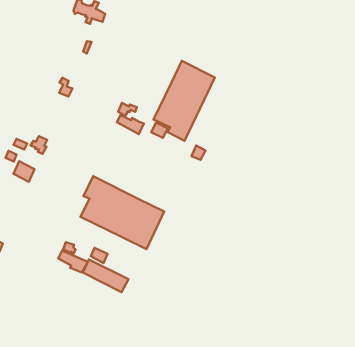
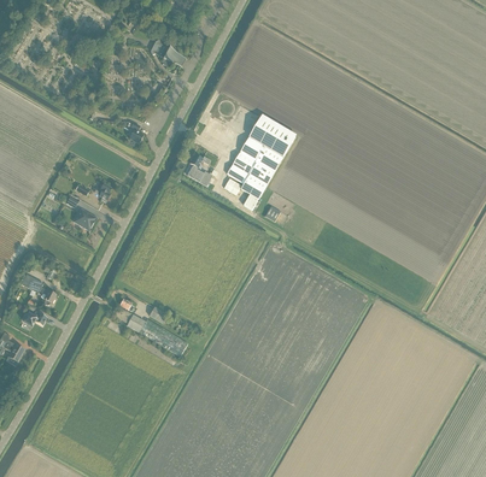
building: [80,176,164,249] -> none

